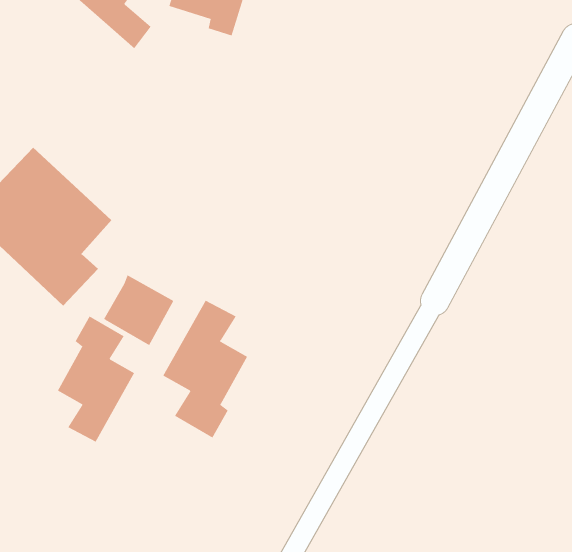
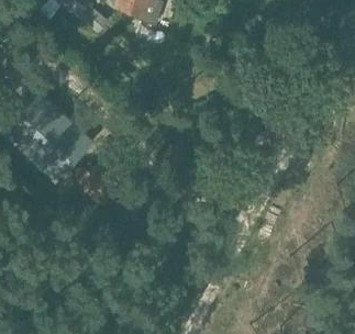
building: [163,300,248,438] -> none
building: [57,316,135,443] -> none

